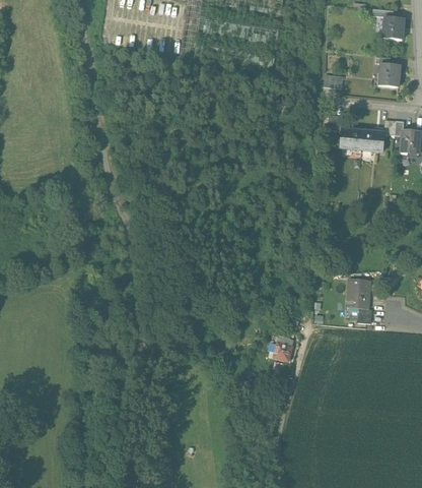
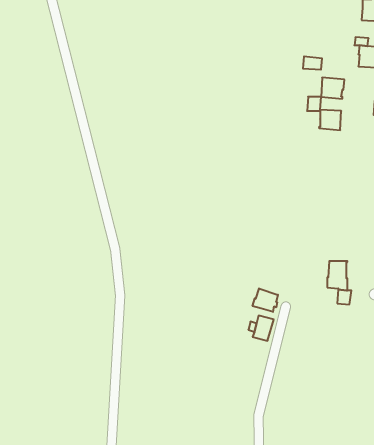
building: [361,130,384,151] -> [321,78,344,99]
building: none -> [253,288,278,312]

